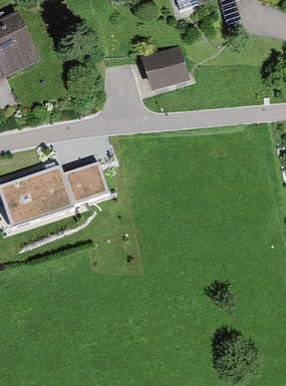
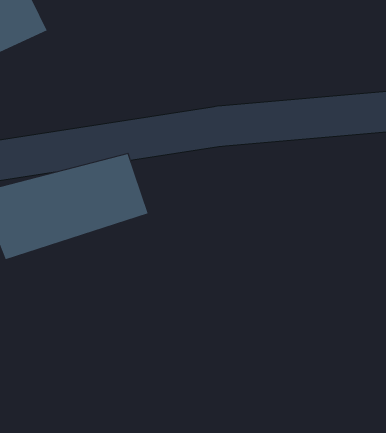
building: [145,47,189,88] -> none

